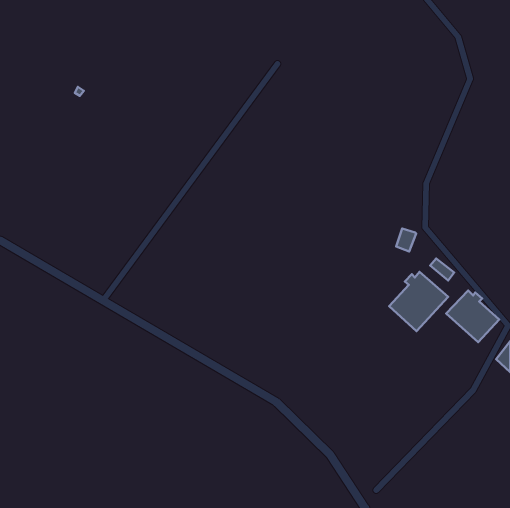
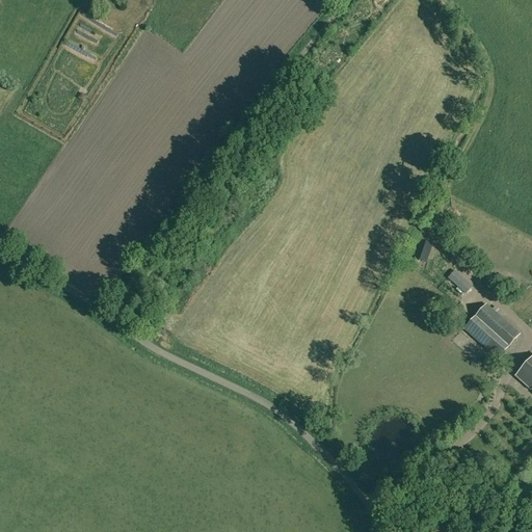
building: [389,272,448,331] -> none

